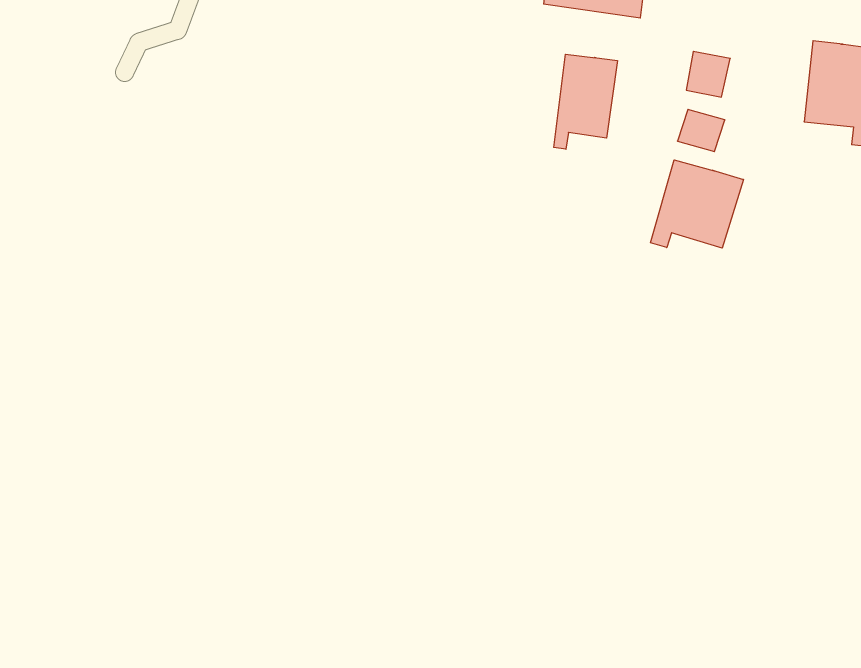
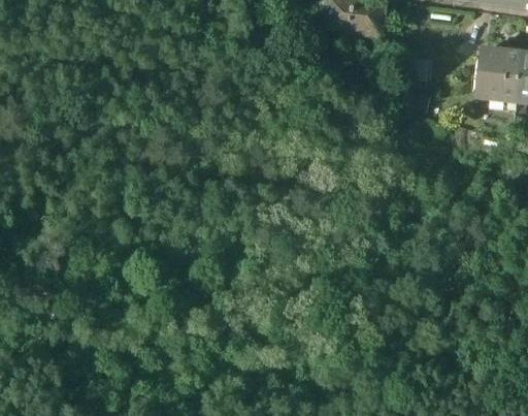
building: [554,54,617,149] -> none
building: [650,160,743,248] -> none

